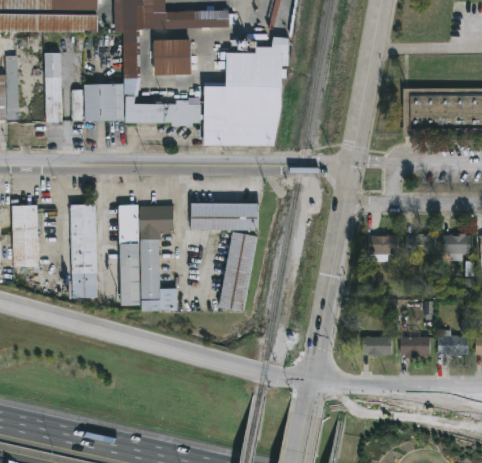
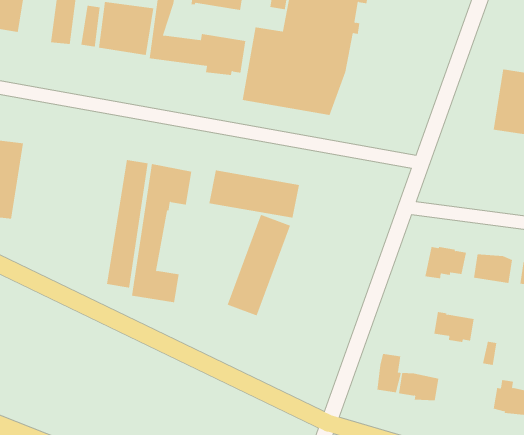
building: [69,204,96,298] -> none
building: none -> [377,353,402,393]
building: [400,336,430,357] -> [434,311,474,342]

